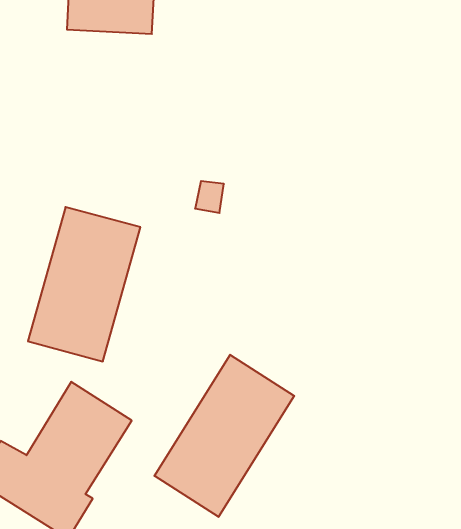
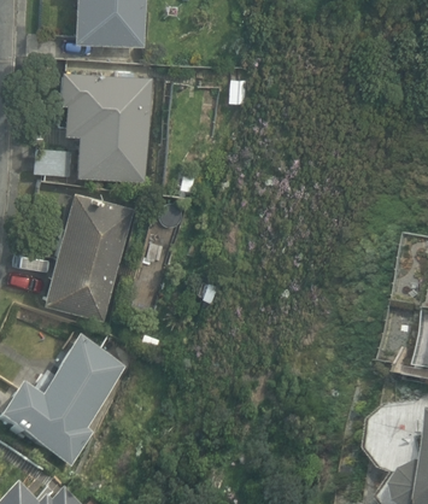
building: none -> [35,70,153,181]
building: [154,355,294,517] -> none

